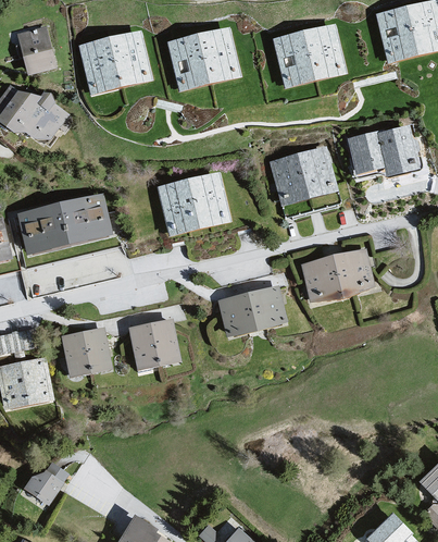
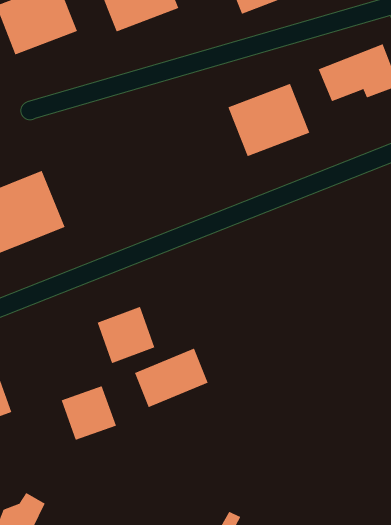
building: [160,173,227,231] -> none
building: [296,251,370,305] -> none
building: [221,286,283,332] -> [134,348,208,408]
building: [63,329,108,372] -> [61,386,117,440]

